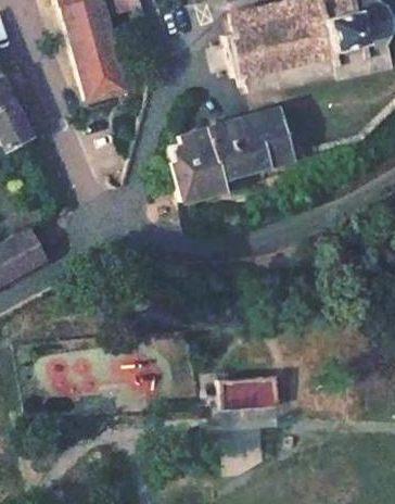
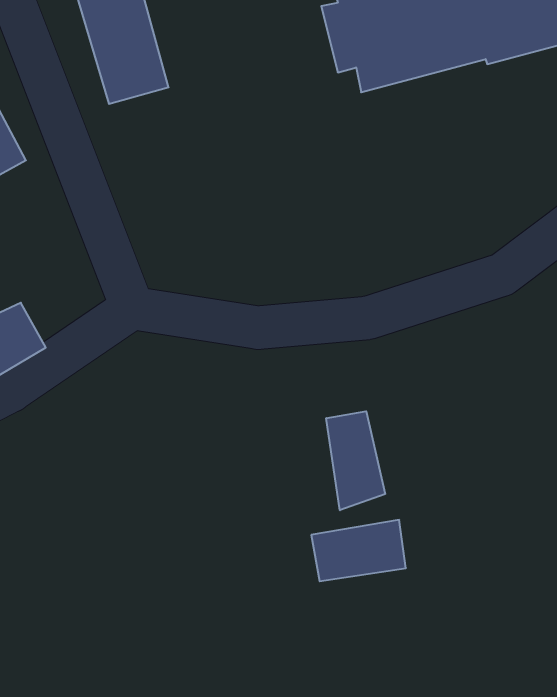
building: [169,109,292,198] -> none
building: none -> [326,411,385,510]

